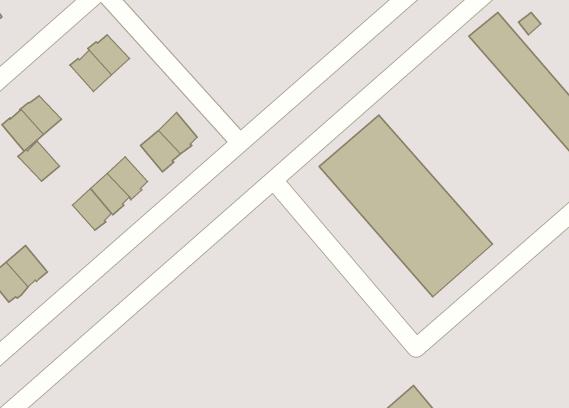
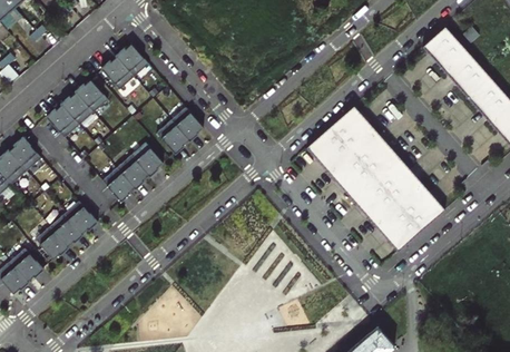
building: [18,141,59,181] -> [77,79,110,111]
building: none -> [67,201,99,233]

